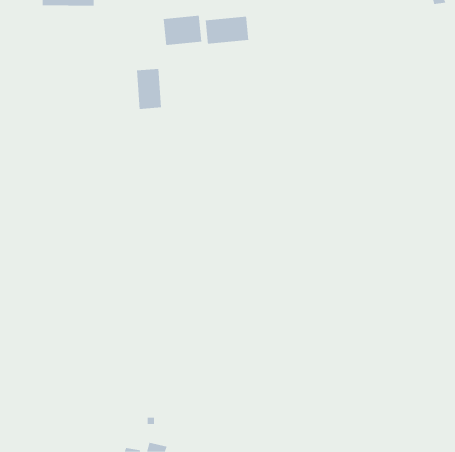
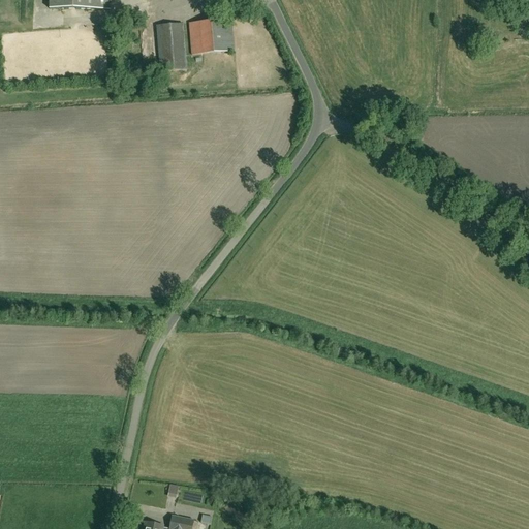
building: [205,16,249,45] -> none
building: [136,68,162,109] -> [156,22,186,69]

